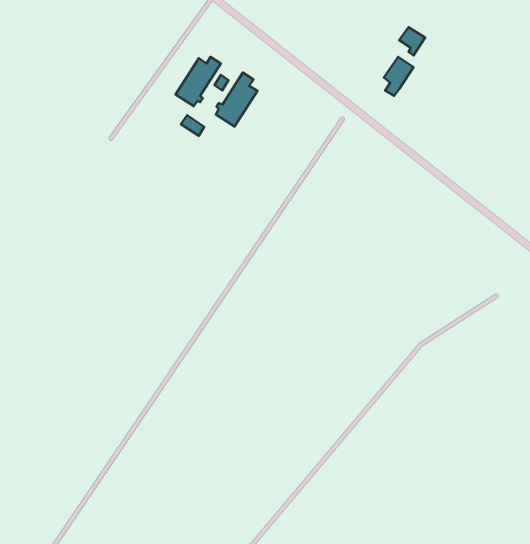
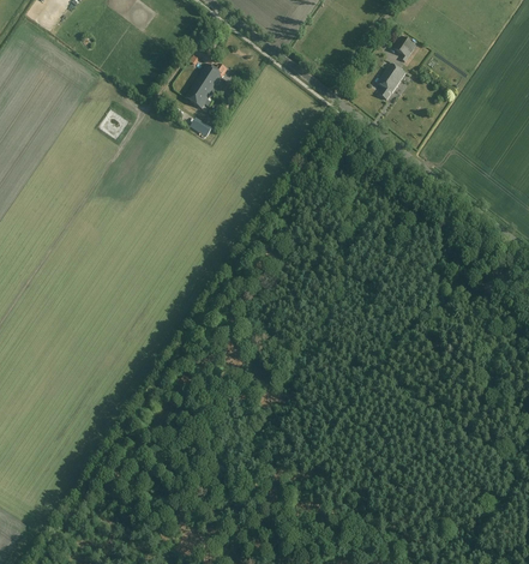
building: [216,73,257,126] -> none

